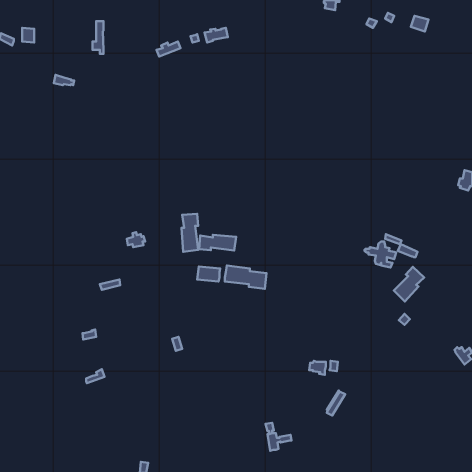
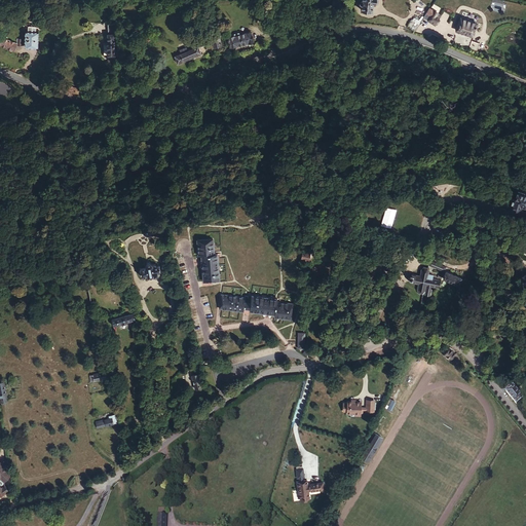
building: [199,235,236,250] -> none
building: [394,267,424,301] -> none

